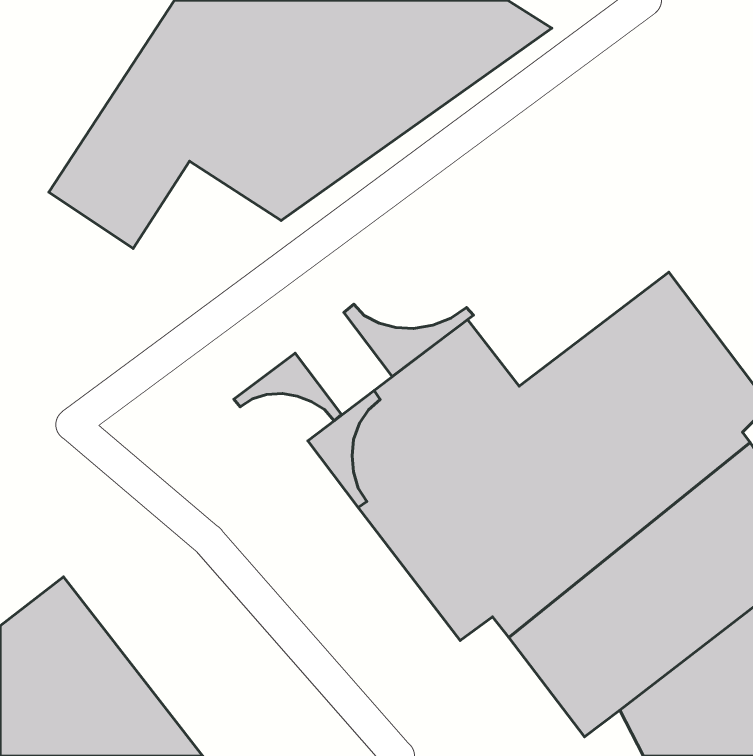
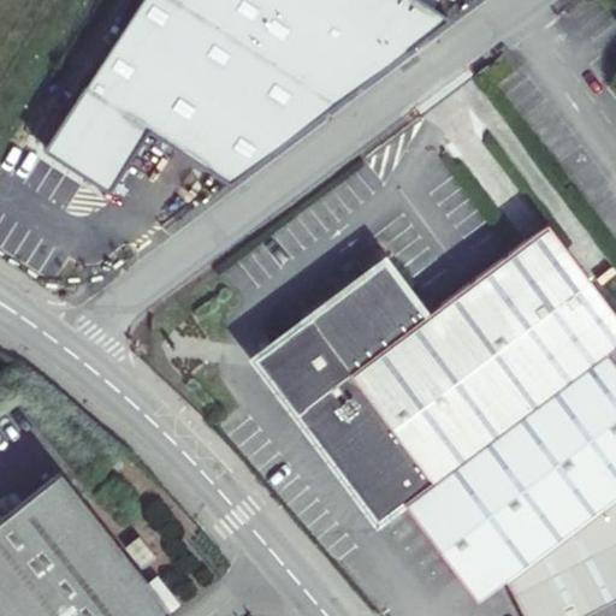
building: [344,304,473,376] -> none
building: [234,353,342,421] -> none

